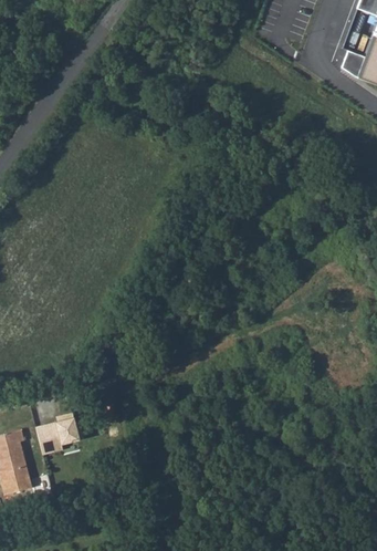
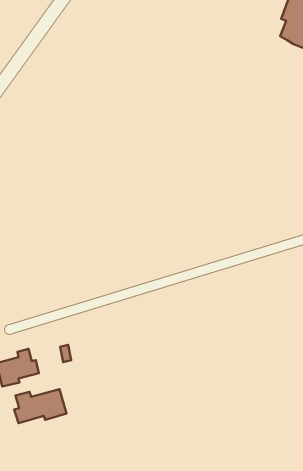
building: none -> [14,389,66,423]

